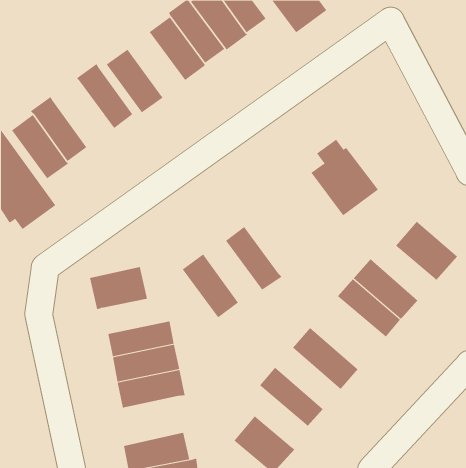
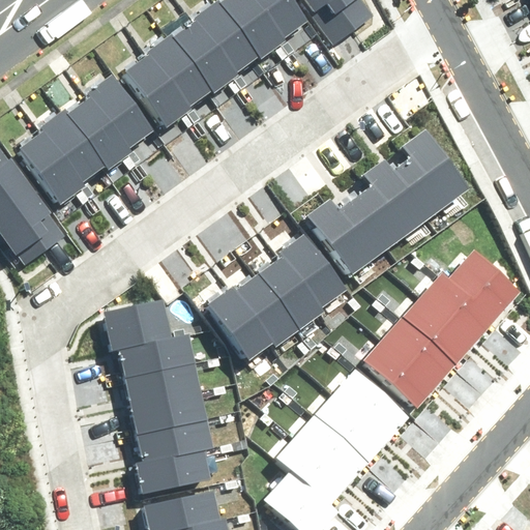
building: none -> [145,37,209,110]
building: none -> [68,94,134,167]
building: none -> [394,130,468,215]
building: none -> [304,196,390,275]
building: none -> [278,237,344,311]
building: none -> [421,270,496,341]
building: none -> [235,273,299,346]
building: none -> [119,334,196,378]
building: none -> [364,335,439,405]
building: none -> [314,393,388,463]
building: none -> [276,436,351,504]
building: none -> [137,448,211,493]

